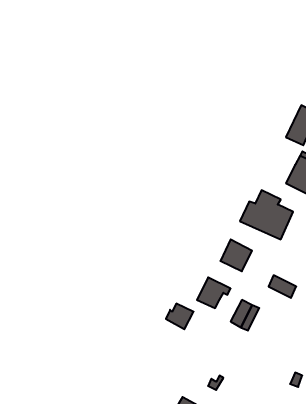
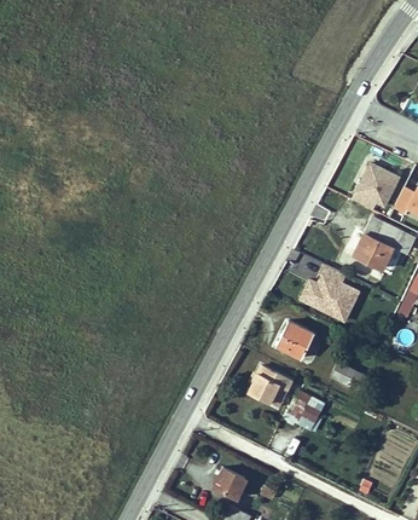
building: [166,304,194,329] -> [215,468,248,498]

